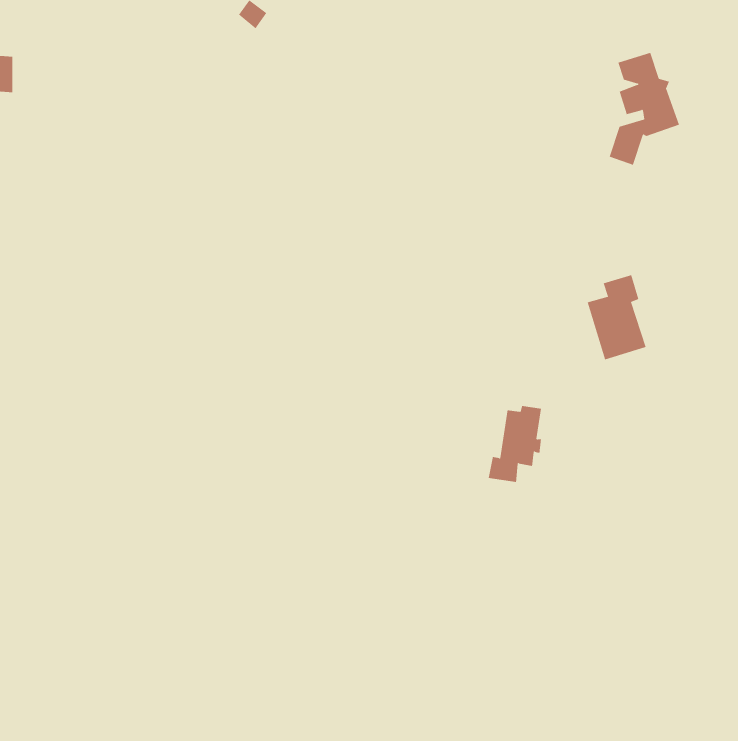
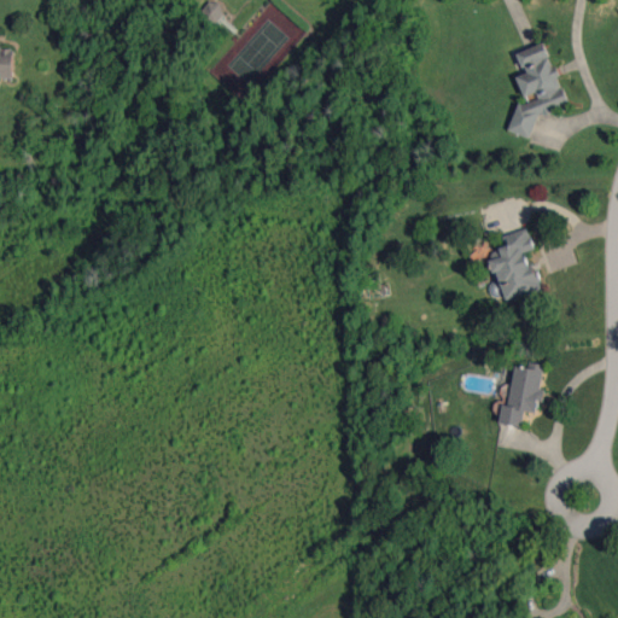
building: [488,406,542,483] -> [496,363,541,427]

